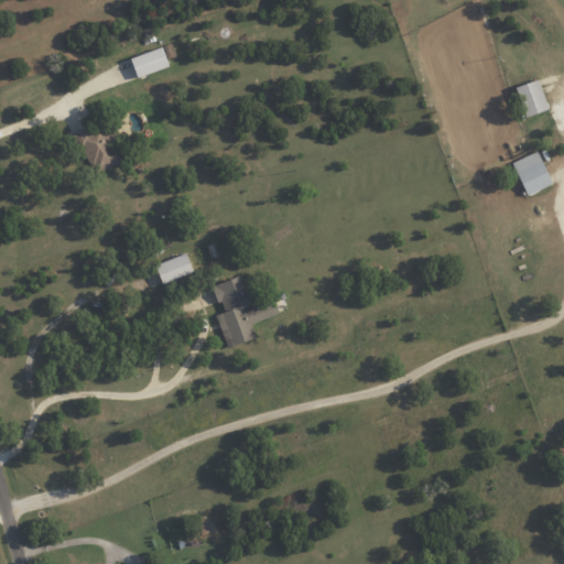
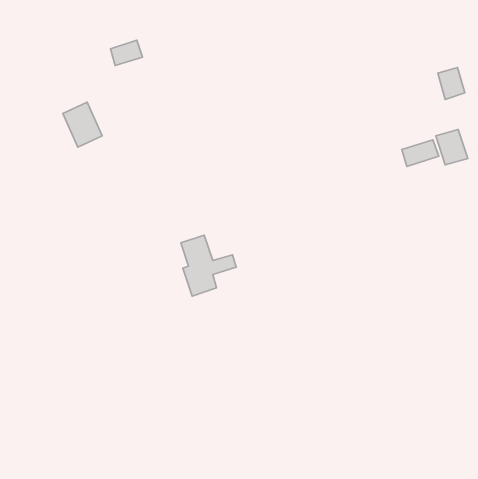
building: none -> [402,140,439,166]
building: [155,252,194,284] -> none

